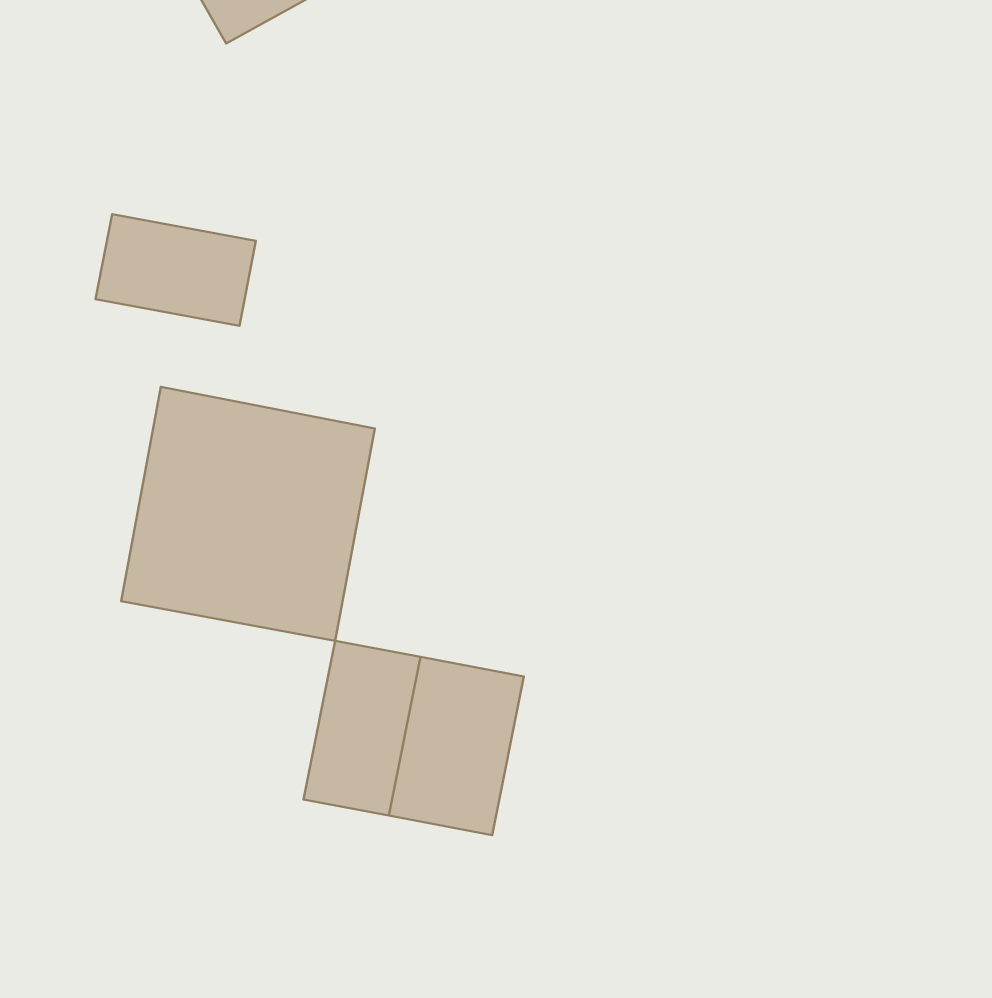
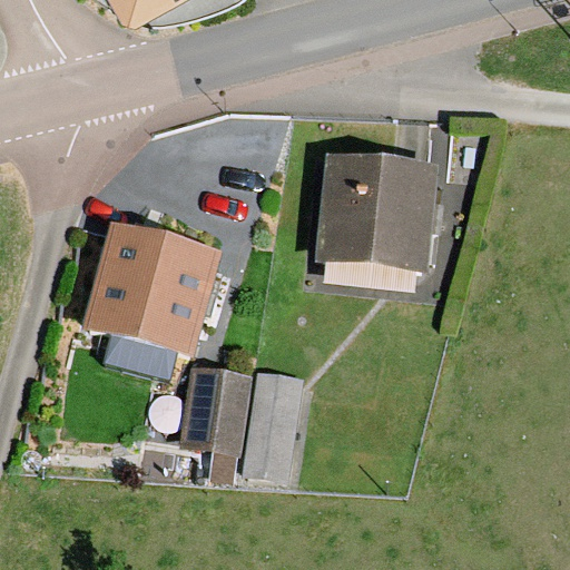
building: [96,214,256,326] -> none
building: none -> [318,156,434,293]

